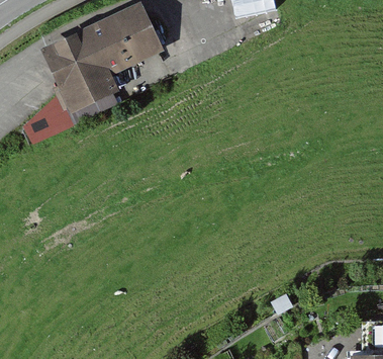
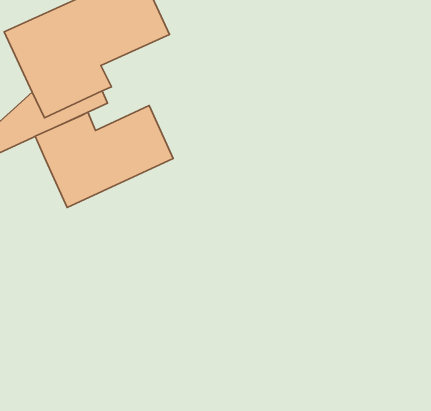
building: none -> [35,106,173,207]

